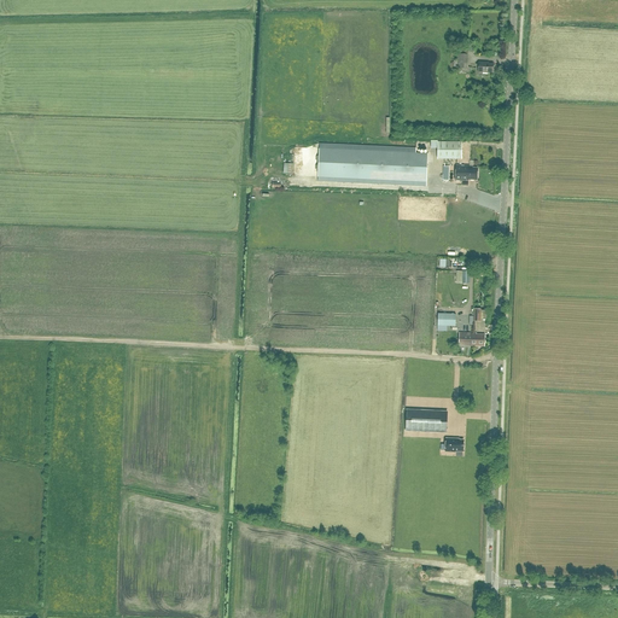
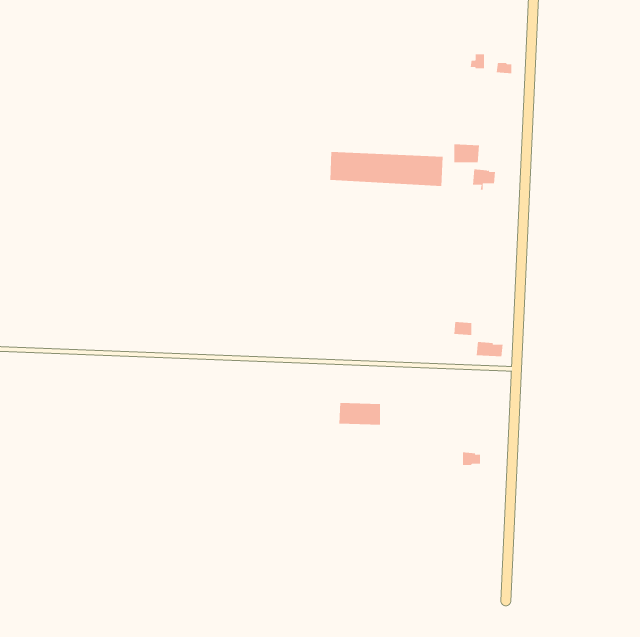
building: [406,408,447,430] -> [338,403,381,425]

